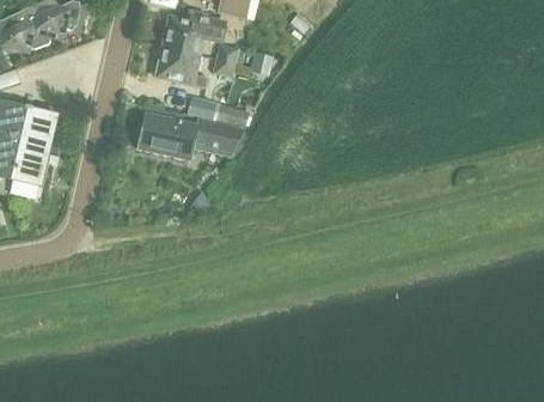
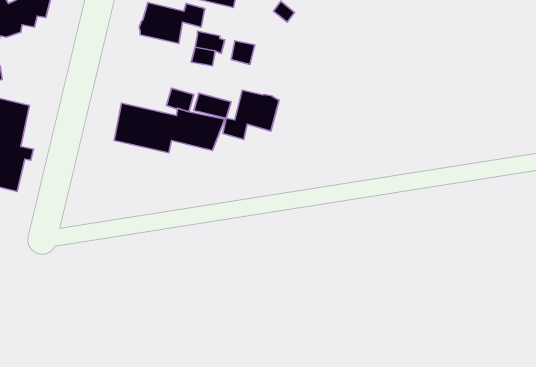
building: [155,44,207,86] -> none
building: none -> [223,90,279,140]

